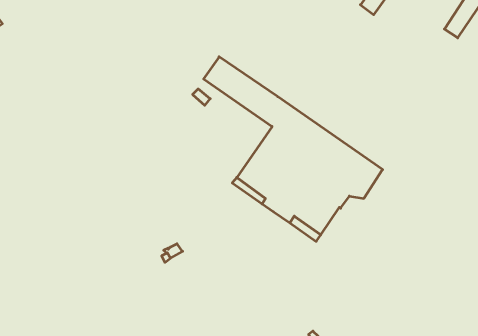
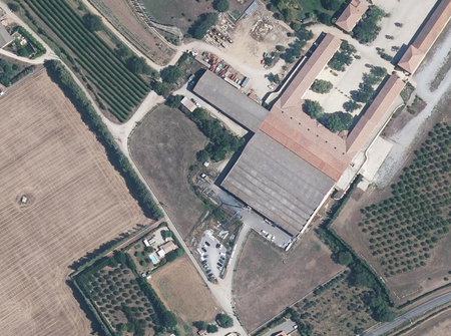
building: none -> [261,33,403,173]
building: none -> [398,45,424,73]

